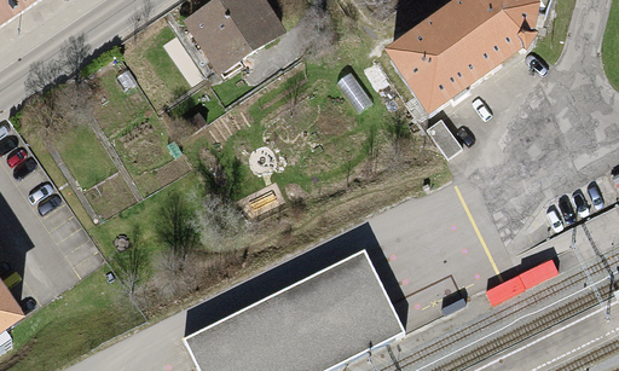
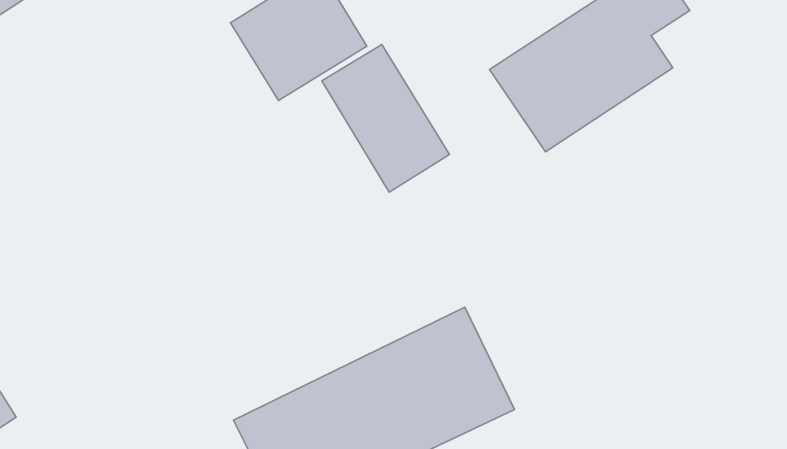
building: none -> [322,45,449,192]

